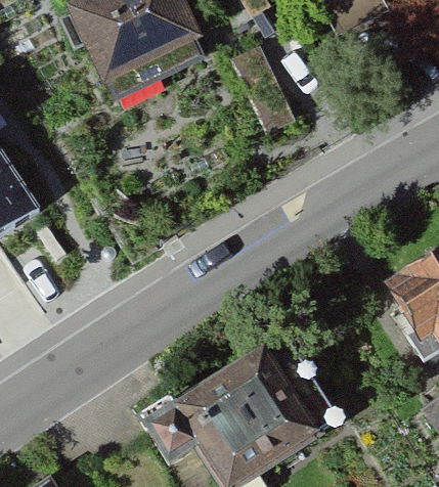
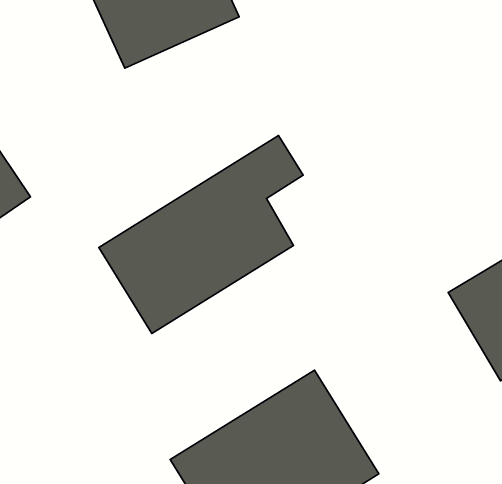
building: none -> [99,136,303,333]

